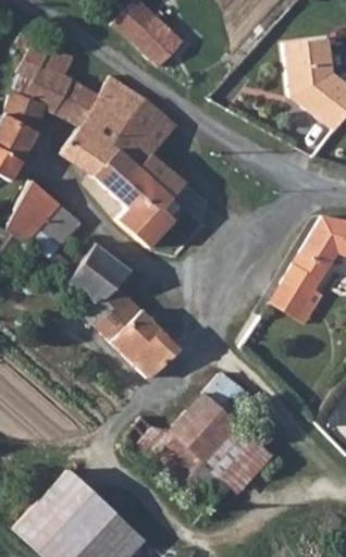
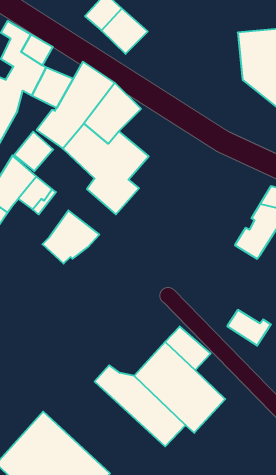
building: none -> [14,132,53,171]
building: [271,282,320,322] -> [227,310,271,346]
building: [82,284,178,377] -> none

